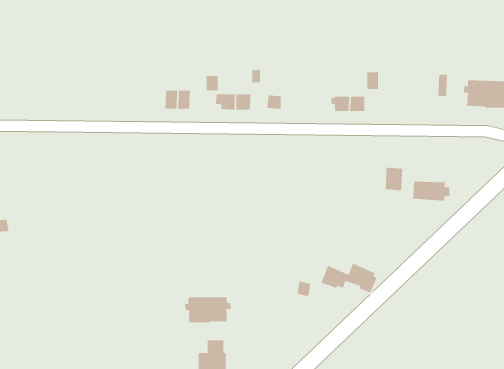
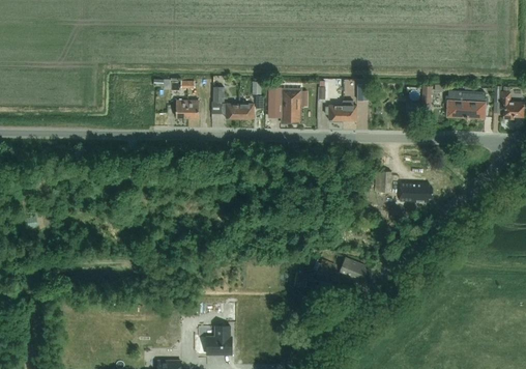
building: none -> [272,86,299,122]
building: [184,297,232,323] -> none

